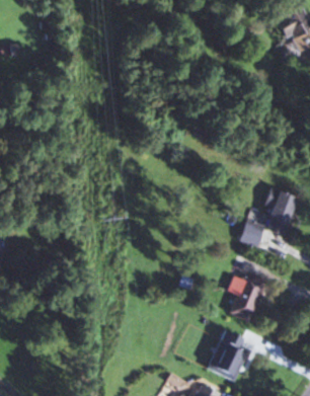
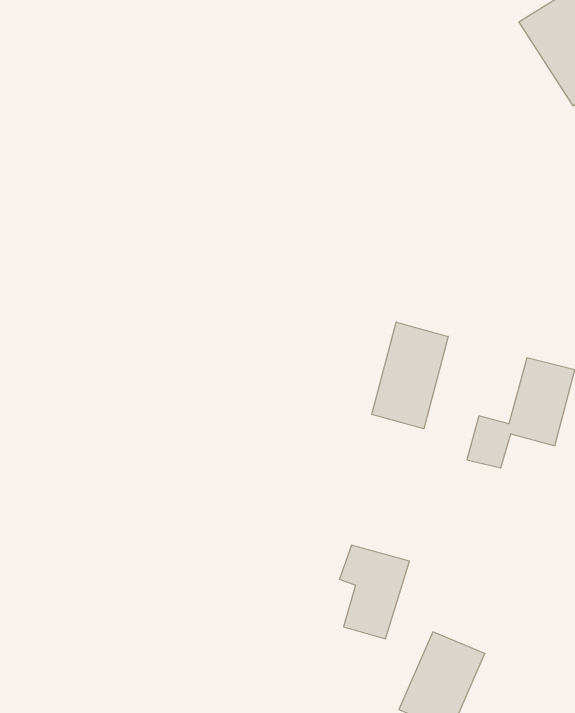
building: none -> [372,322,448,429]
building: [228,273,263,321] -> [340,545,409,639]

